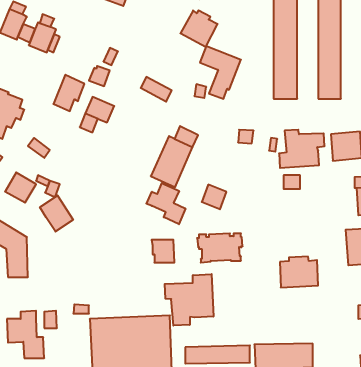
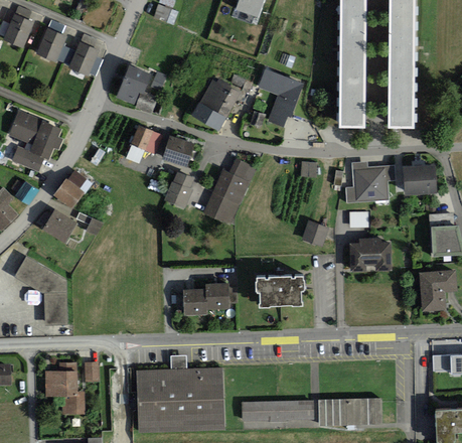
building: [180,10,218,47] -> [198,78,240,118]
building: [53,75,84,111] -> [116,64,150,105]
building: none -> [162,135,194,167]
building: none -> [164,171,194,207]
building: none -> [54,177,85,207]
building: [146,183,185,224] -> none
building: [202,185,226,209] -> [302,219,329,247]
building: [40,195,73,232] -> none
building: none -> [183,289,207,315]
building: [280,257,318,287] -> [349,238,392,272]
building: [165,274,213,326] -> none

